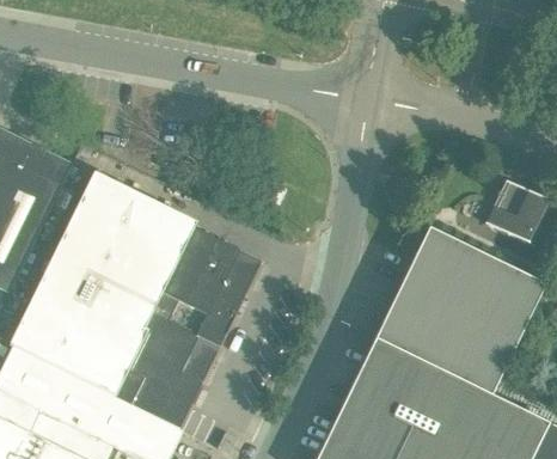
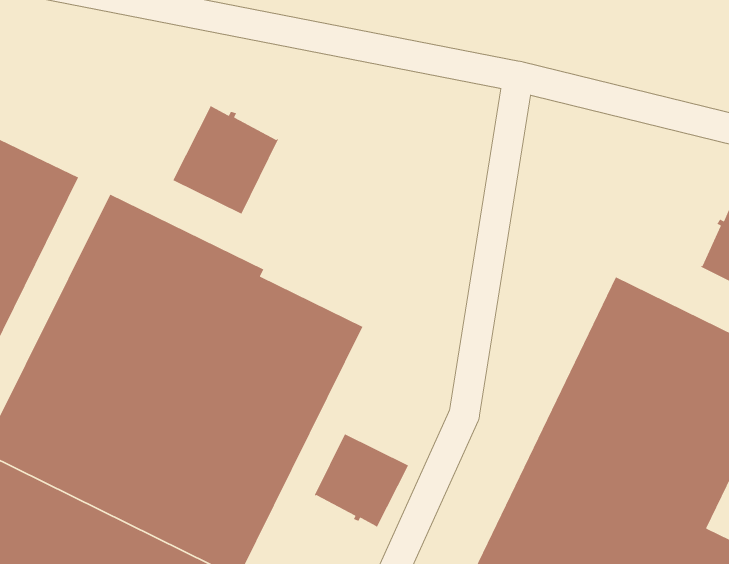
building: none -> [172,104,279,215]
building: none -> [314,433,409,528]

